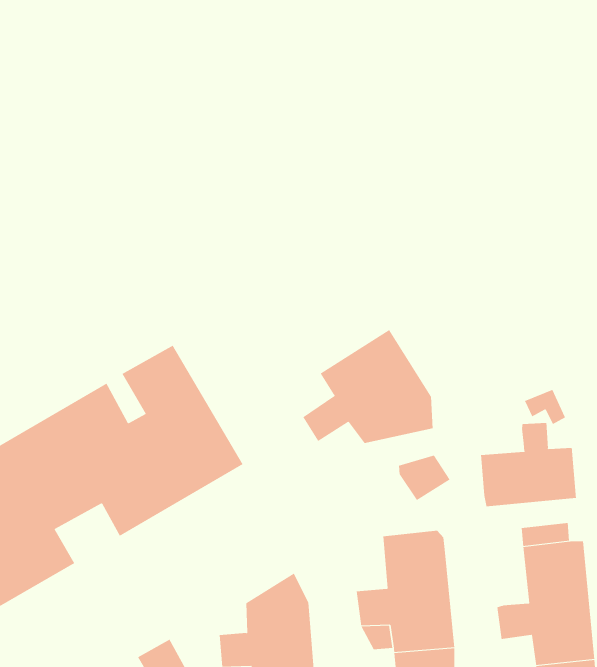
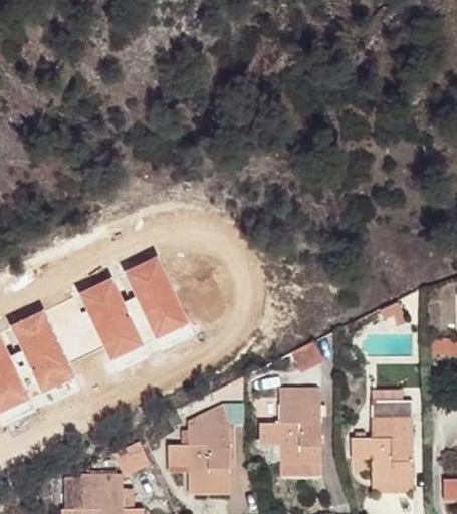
building: [302,329,433,444] -> none
building: [481,422,576,507] -> none

